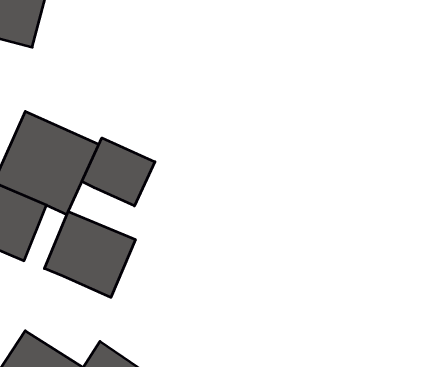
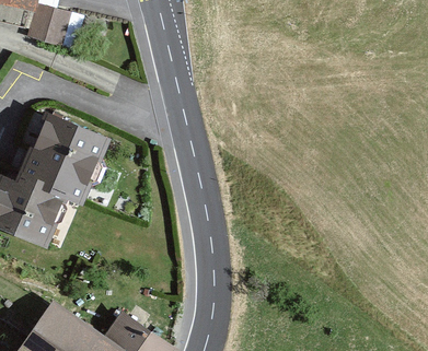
building: [82,138,155,206] -> none
building: [44,211,135,297] -> none

